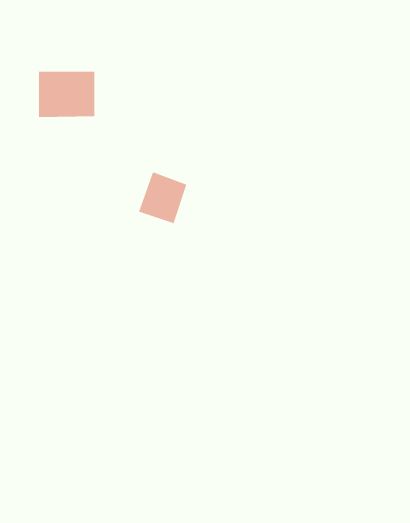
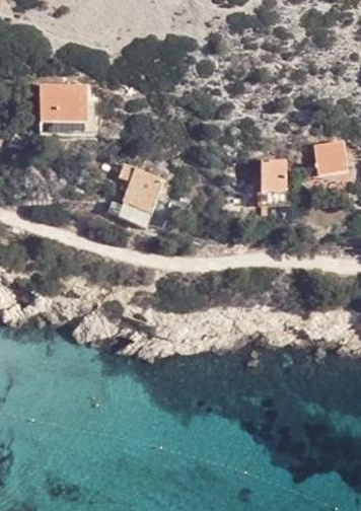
building: none -> [314,140,348,173]
building: none -> [260,156,287,190]

